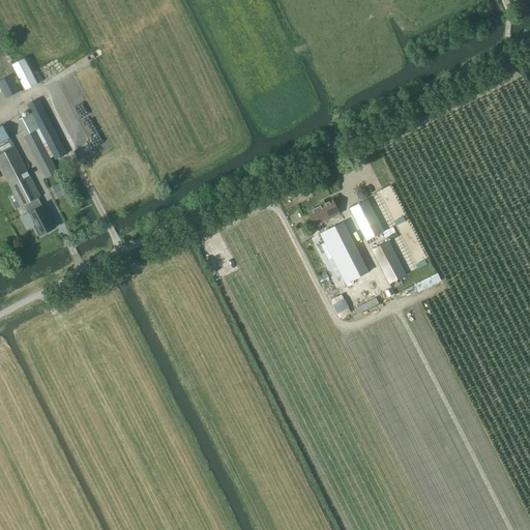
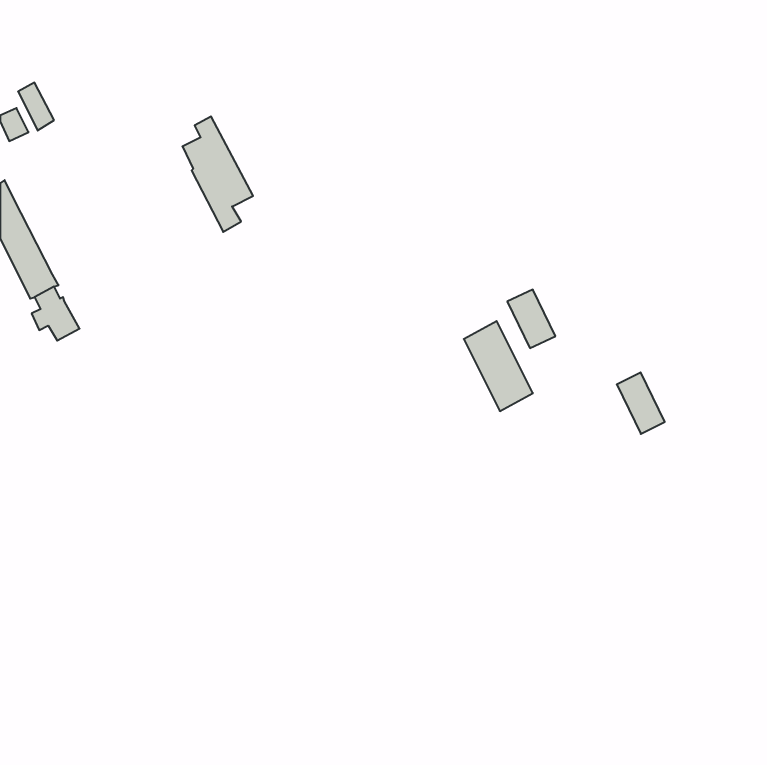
building: [19,98,67,178] -> [182,116,253,232]
building: [308,200,340,226] -> none
building: [372,241,405,284] -> [617,372,665,434]

